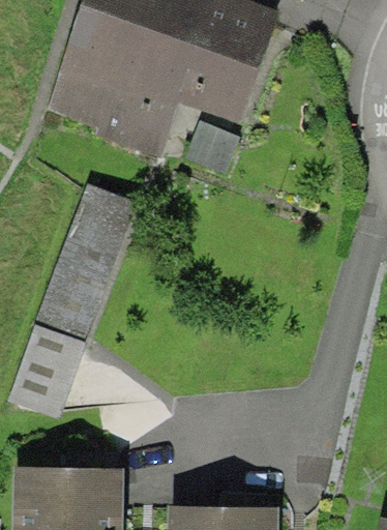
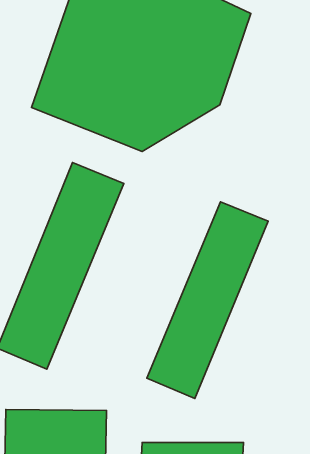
building: none -> [147,202,268,398]

